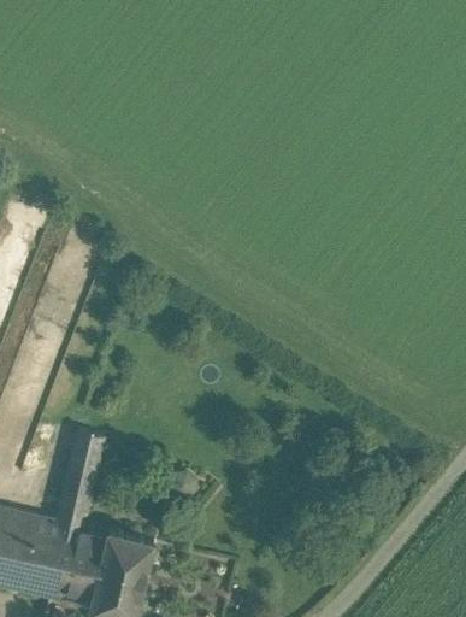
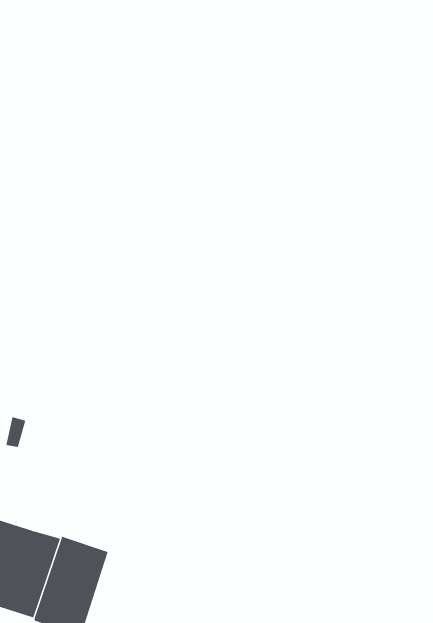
building: [57,431,104,527] -> none

